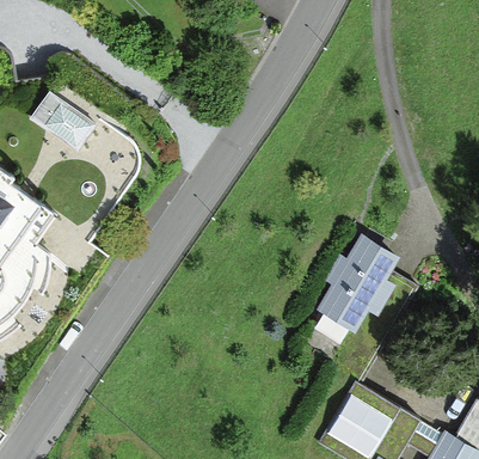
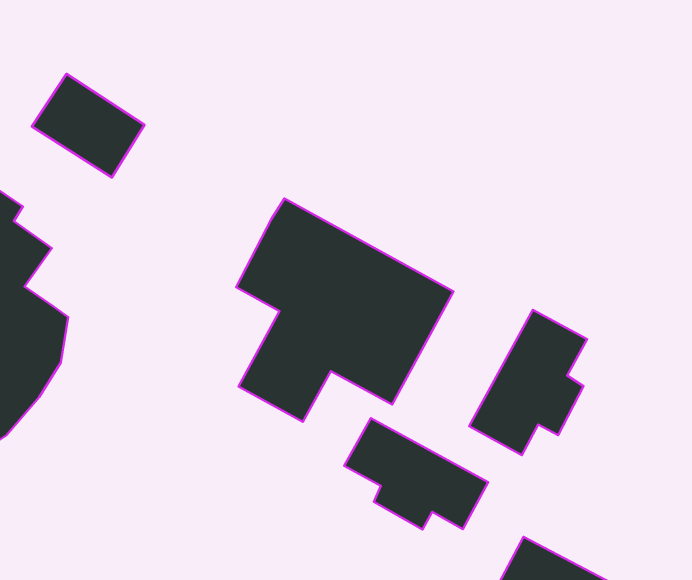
building: none -> [236,199,454,422]
building: none -> [344,418,488,529]

